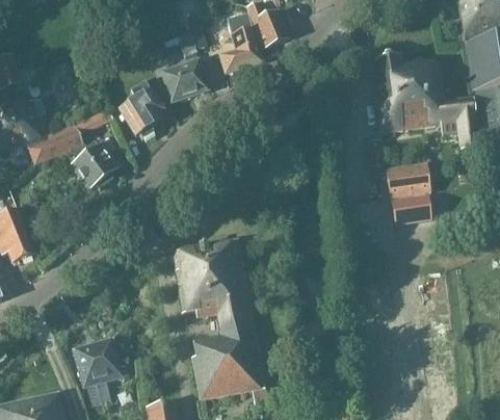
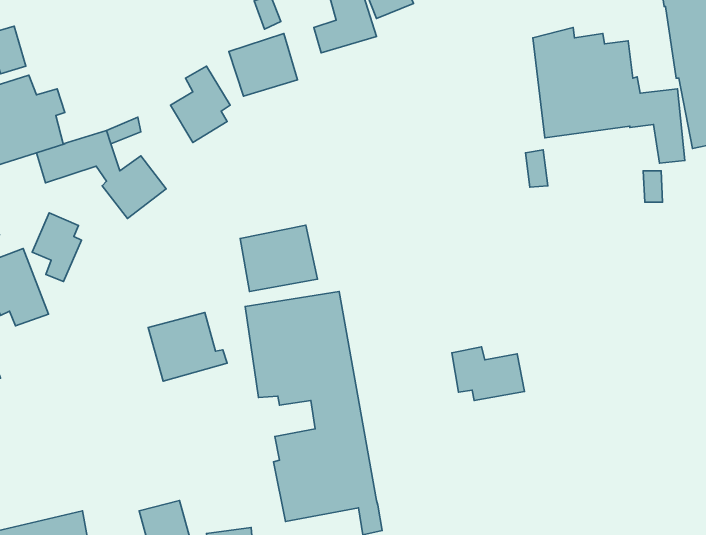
building: [385,162,432,217] -> none
building: none -> [32,213,82,281]
building: none -> [240,225,317,292]
building: none -> [452,347,524,401]
building: [72,339,127,387] -> [148,312,227,381]

